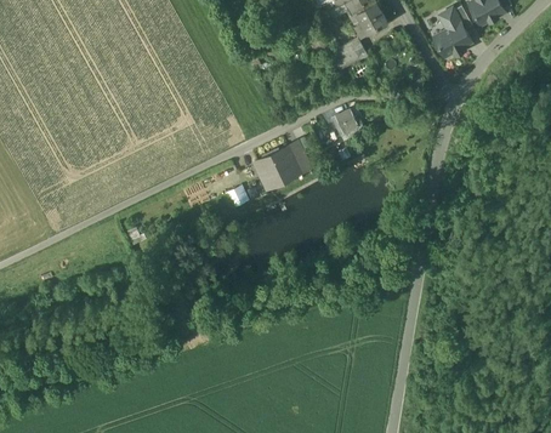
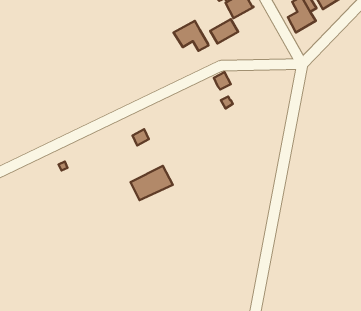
building: none -> [174,21,208,51]
building: [255,142,312,188] -> [130,166,173,200]

